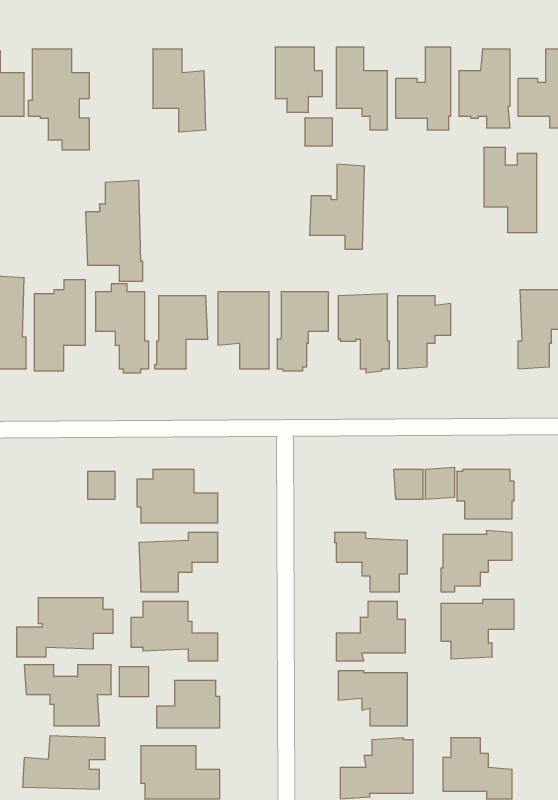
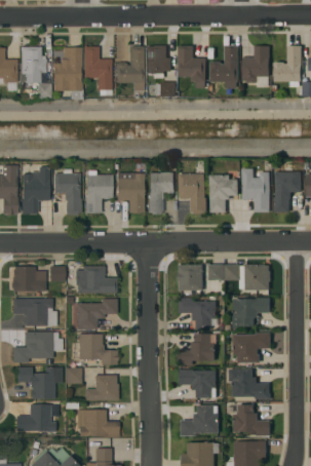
building: [484,148,537,232] -> [242,168,270,212]
building: [309,164,365,249] -> [115,45,144,89]
building: [86,180,143,281] -> [52,46,82,99]
building: none -> [178,265,202,290]
building: none -> [11,266,45,290]
building: none -> [12,298,56,325]
building: none -> [229,368,271,398]

